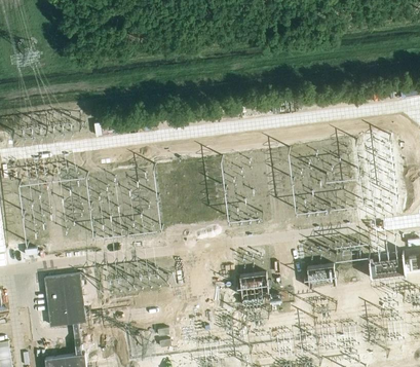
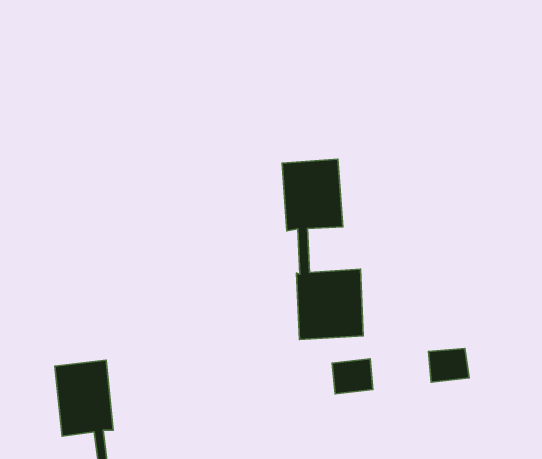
building: none -> [282,159,363,340]

